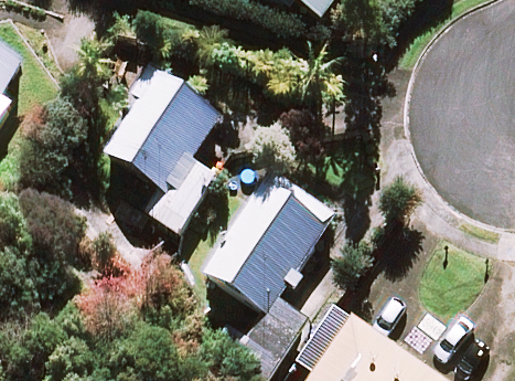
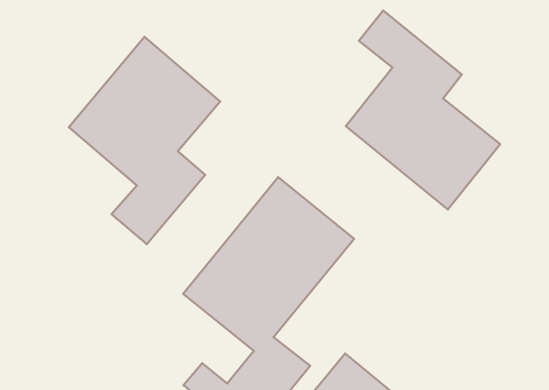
building: none -> [346,11,500,209]

